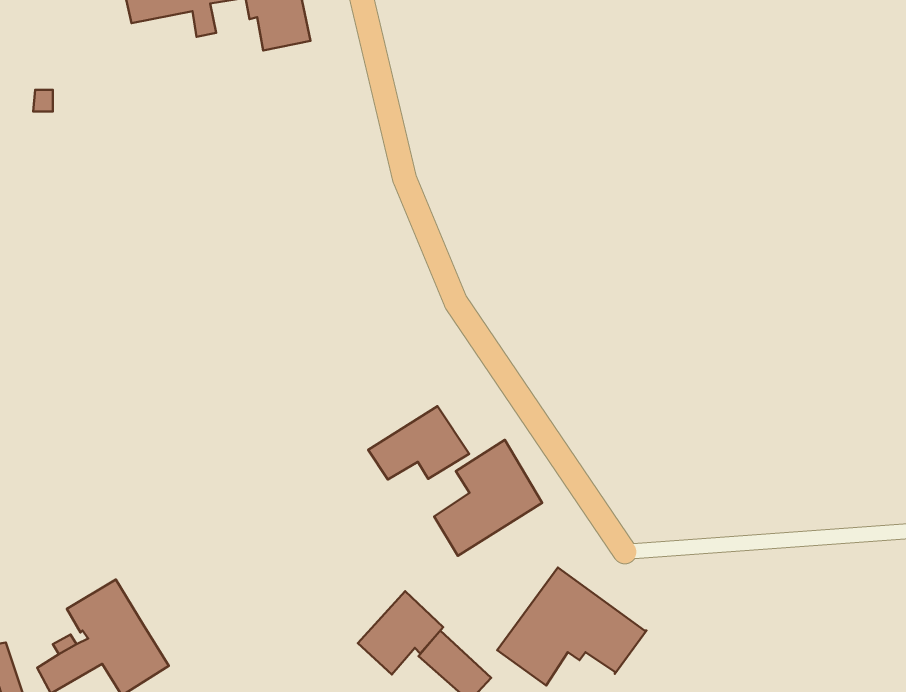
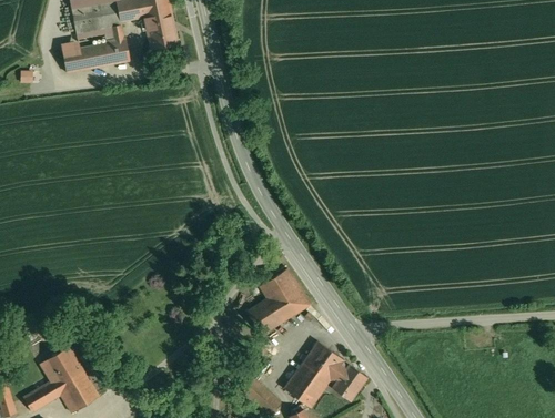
building: none -> [62,39,129,73]
building: [368,406,469,480] -> none
building: [358,591,443,674] -> none

